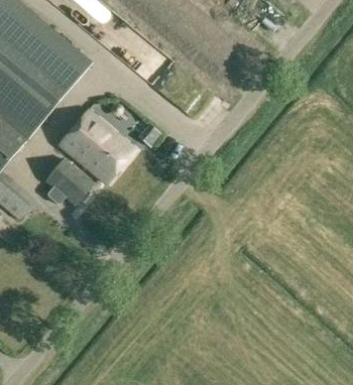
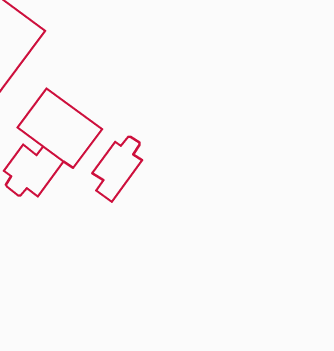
building: none -> [92,137,142,202]

